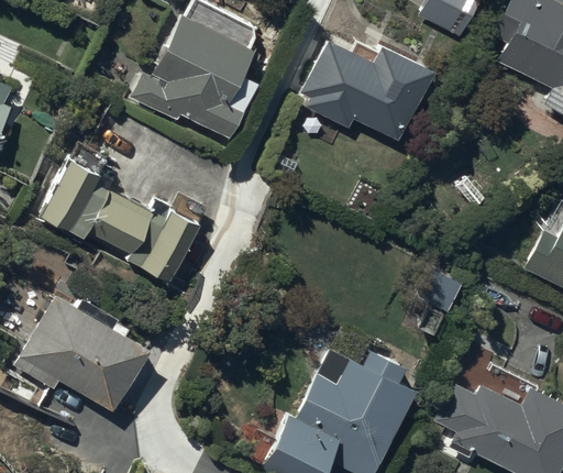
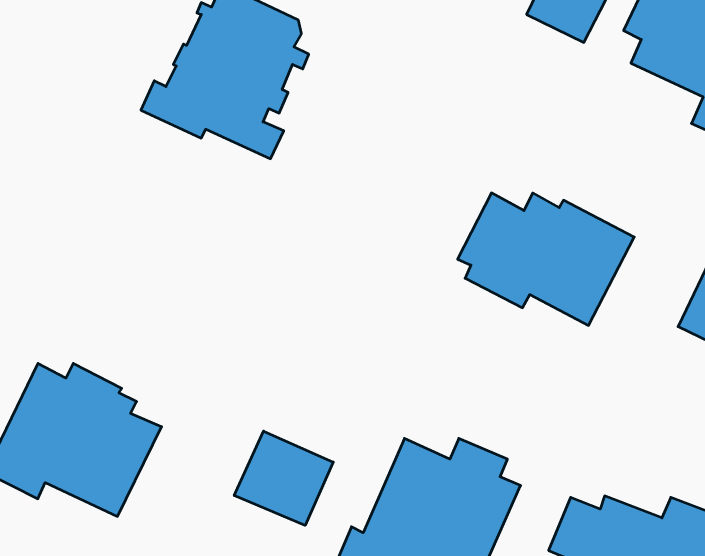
building: [301,45,433,144] -> [458,193,634,325]
building: [43,170,208,293] -> none
building: none -> [234,431,333,525]

